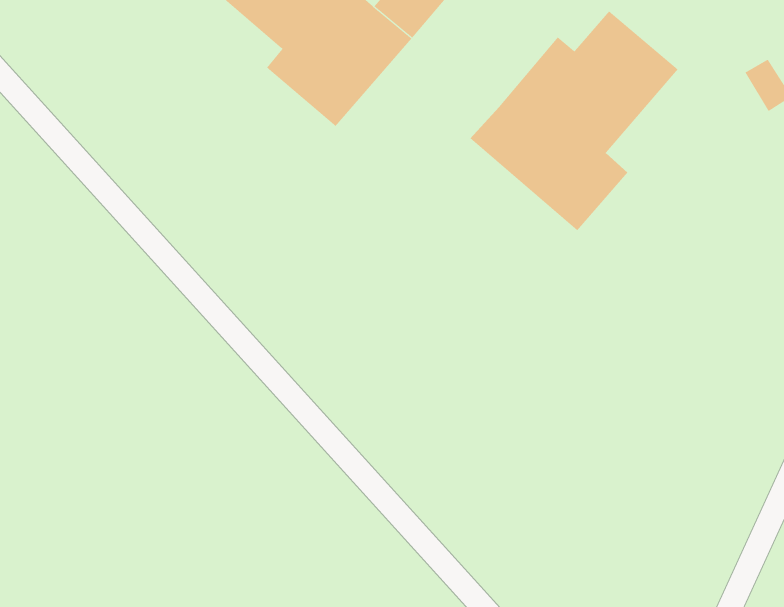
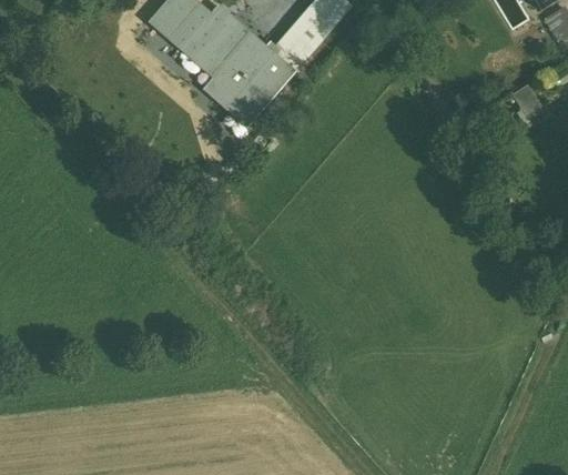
building: [470,10,678,231] -> none

